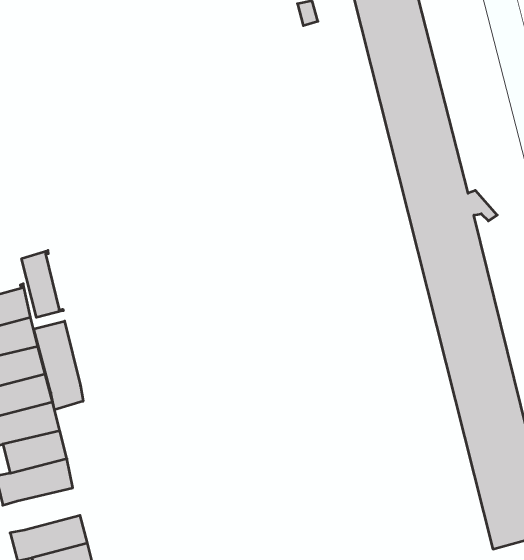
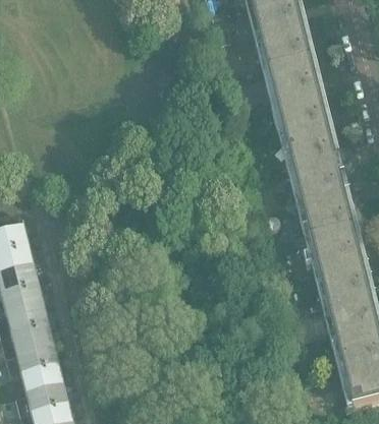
building: [22,250,63,317] -> none
building: [34,321,83,410] -> none
building: none -> [20,366,64,396]

